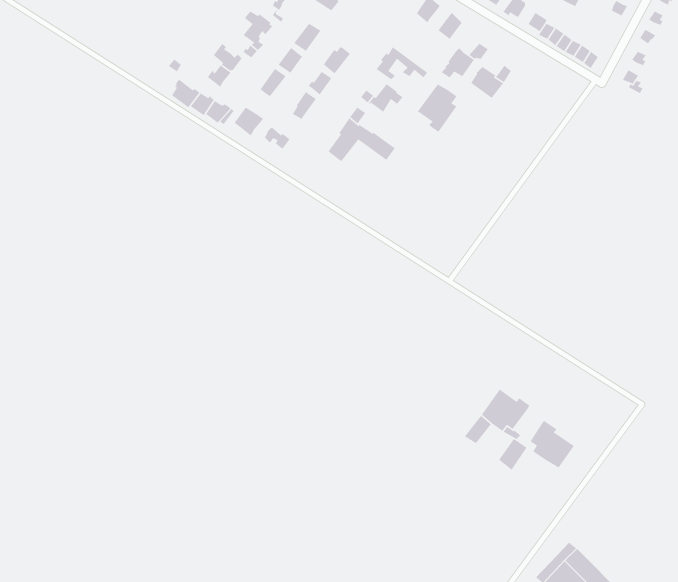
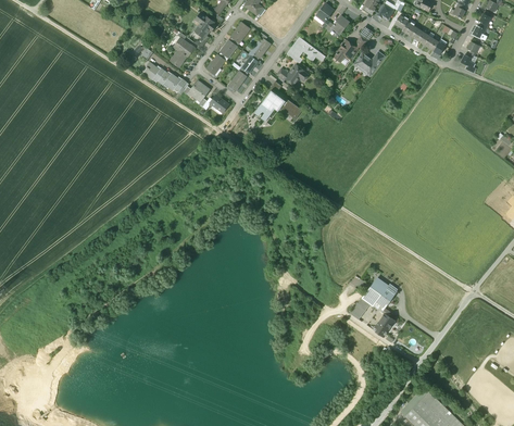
building: [417,83,458,133] -> none
building: [529,420,575,469] -> none

